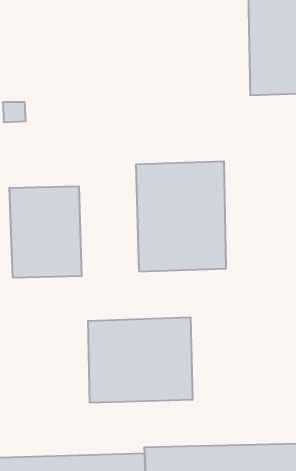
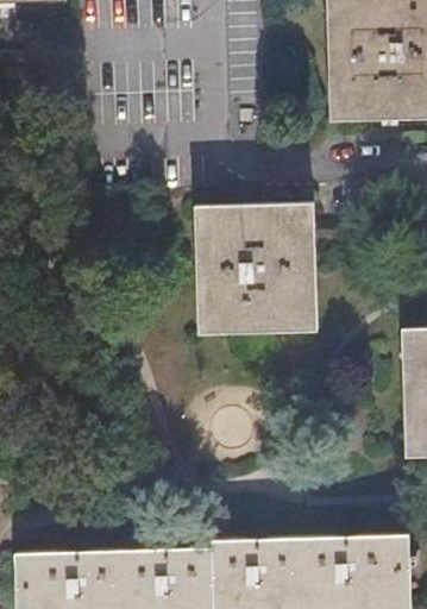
building: [9,186,81,278] -> none
building: [88,317,192,403] -> none

